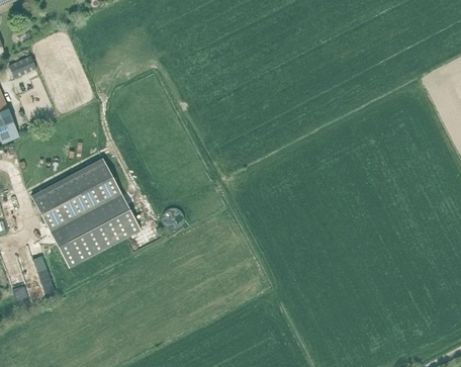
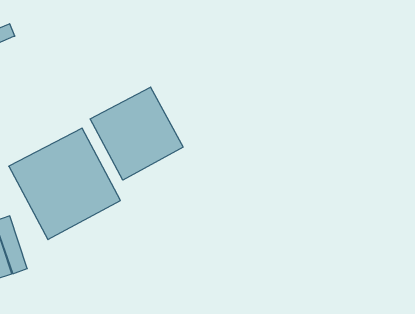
building: none -> [90,87,183,180]

